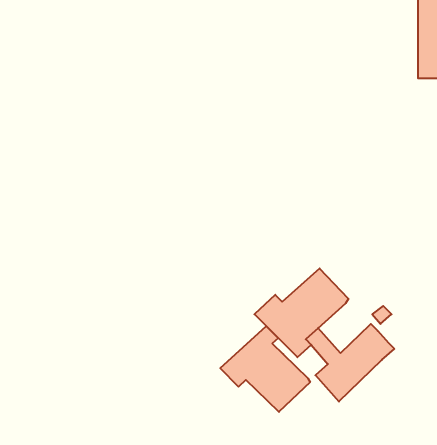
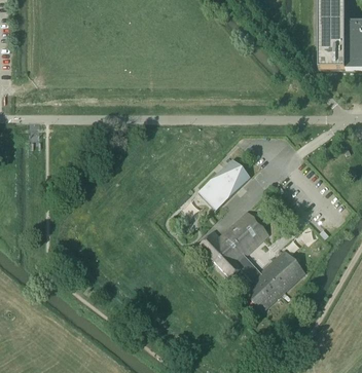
building: none -> [197,156,251,209]
building: [220,326,310,412] -> none

